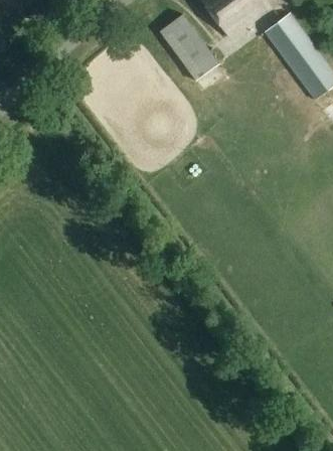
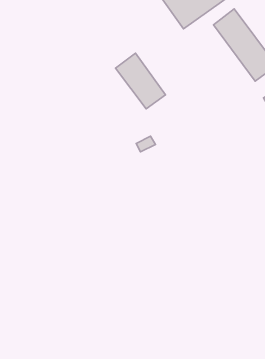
building: [158,13,218,81] -> [115,53,165,109]

